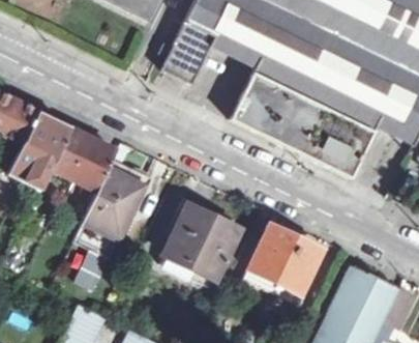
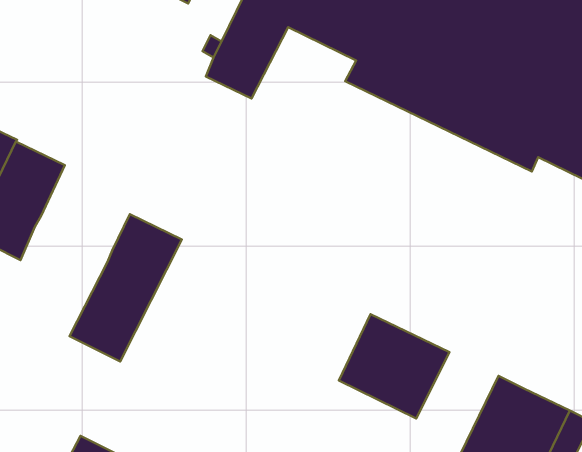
building: [231,72,376,177] -> none
building: [51,126,117,190] -> none
building: [161,196,238,286] -> none

